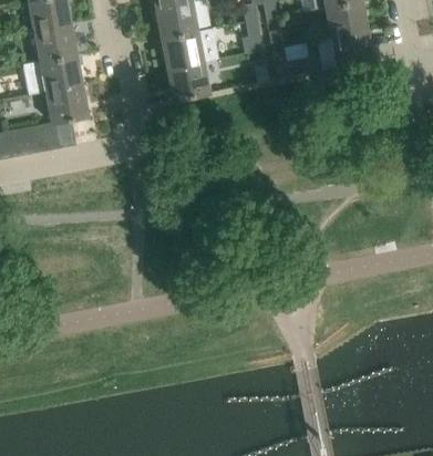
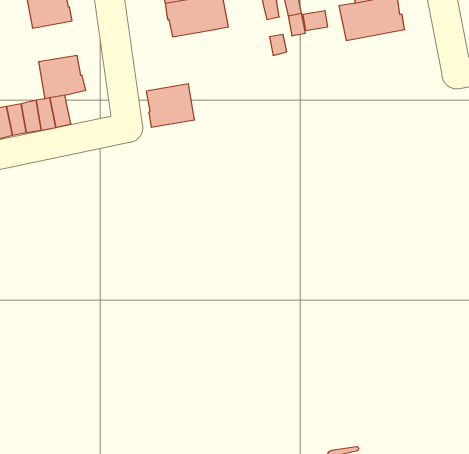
building: [23,52,82,93] -> none
building: [167,60,210,99] -> [146,84,195,127]

